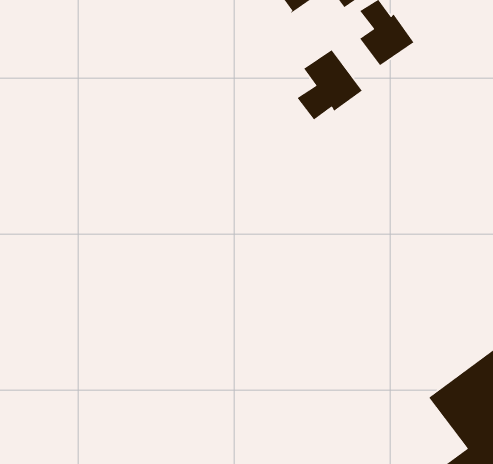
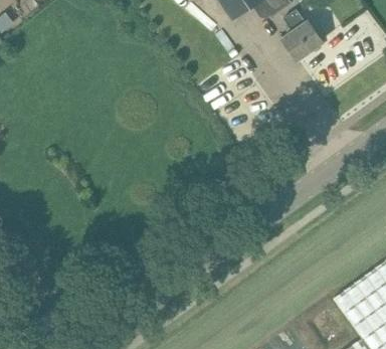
building: [296,49,363,120] -> none

